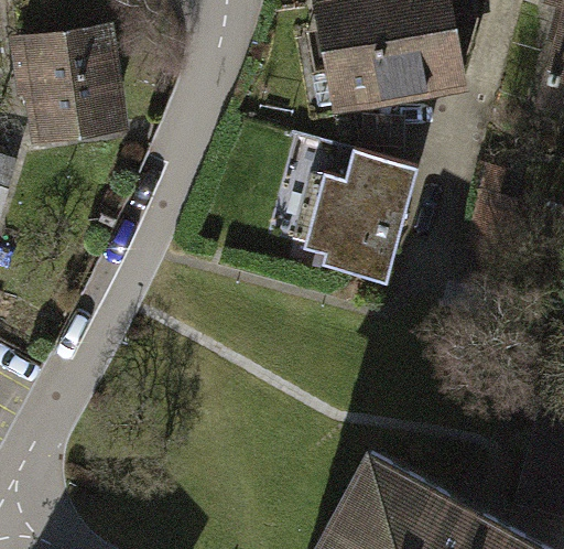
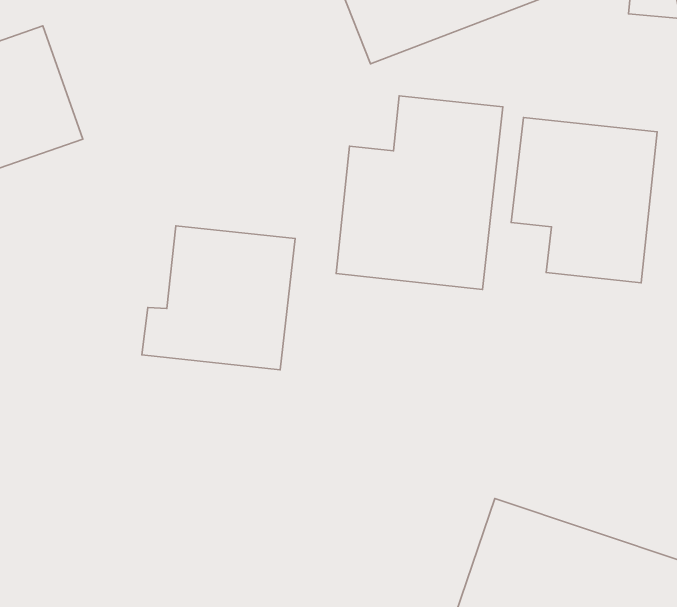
building: none -> [511,117,657,283]
building: none -> [142,226,295,370]

